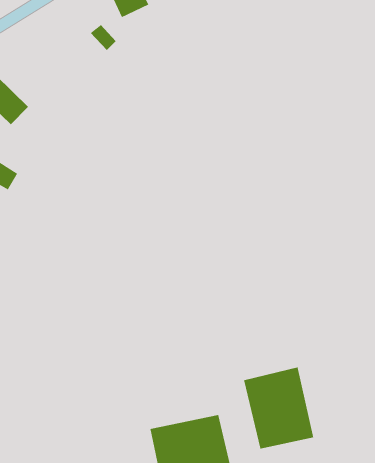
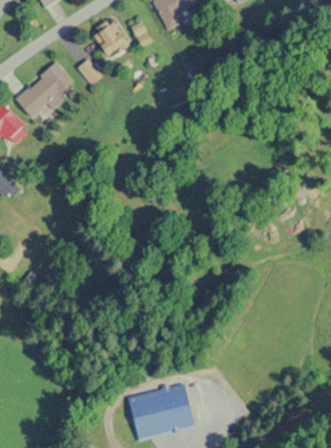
building: none -> [15,63,75,119]
building: [243,367,314,449] -> none

